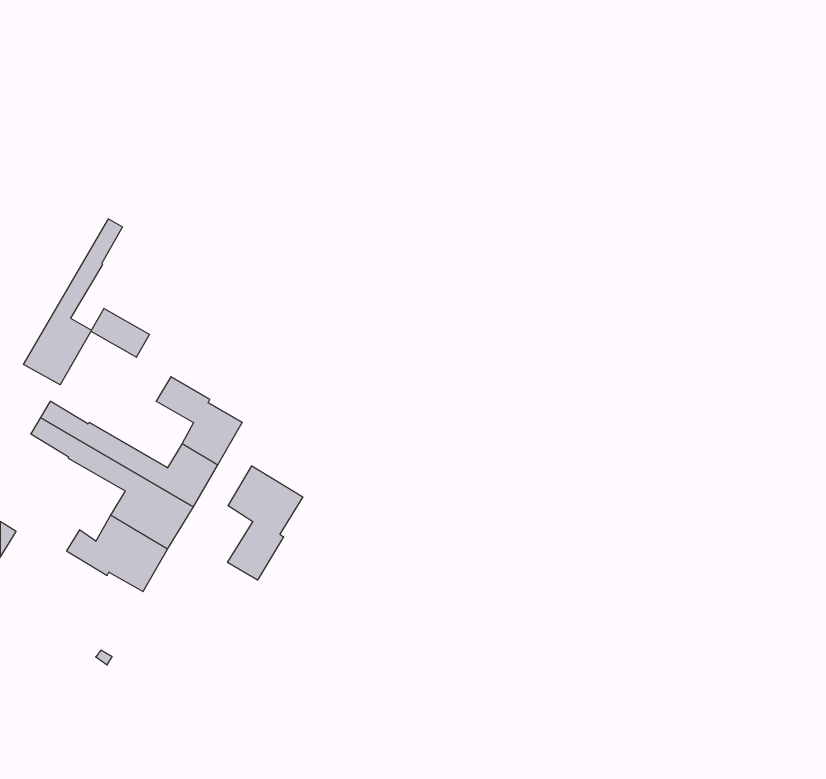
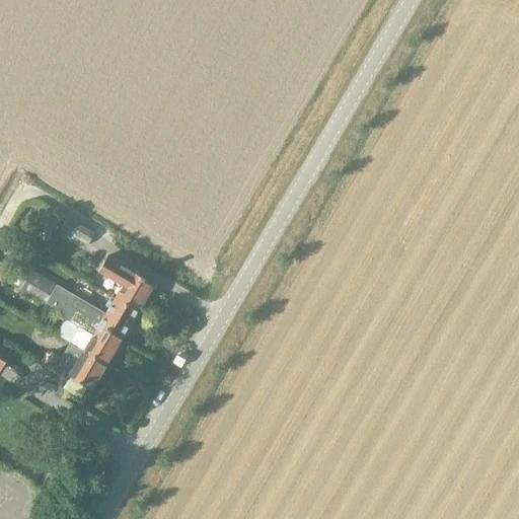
building: [23,219,122,385] -> none
building: [228,466,303,580] -> none

